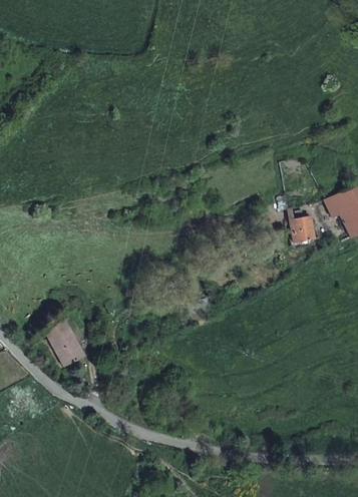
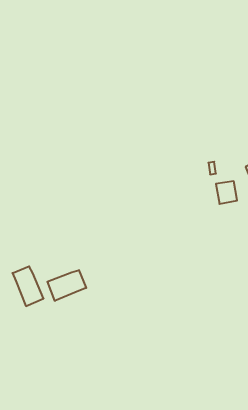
building: none -> [47,270,86,301]

